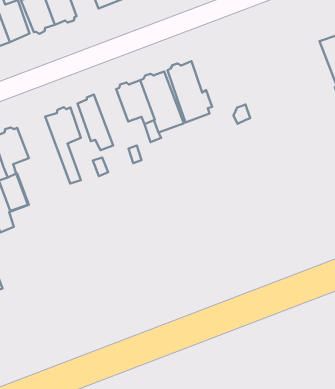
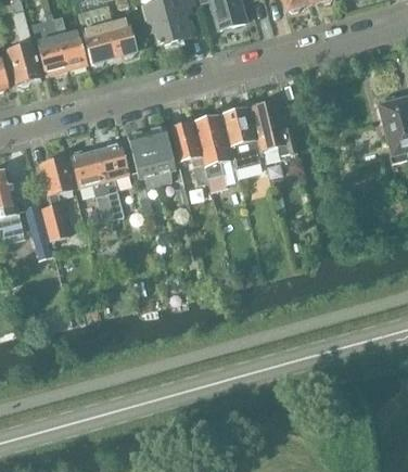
building: none -> [251,102,295,156]
building: none -> [145,130,175,186]
building: none -> [69,150,113,222]

